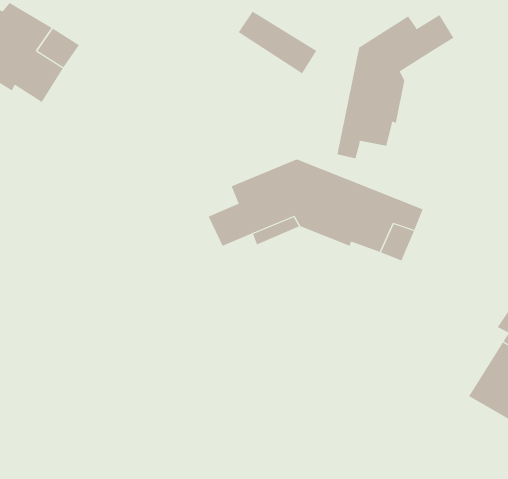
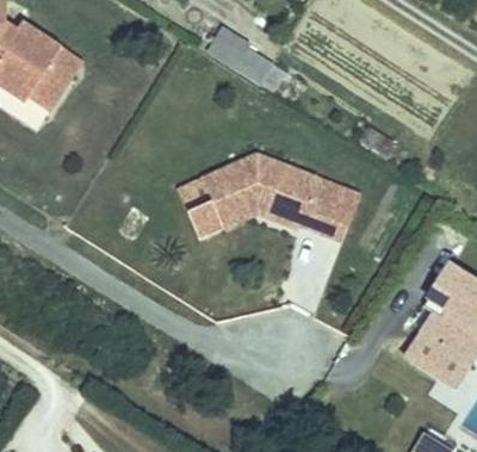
building: [337,14,454,159] -> none

